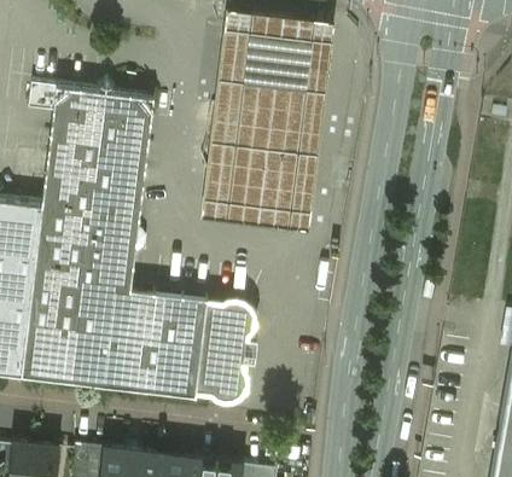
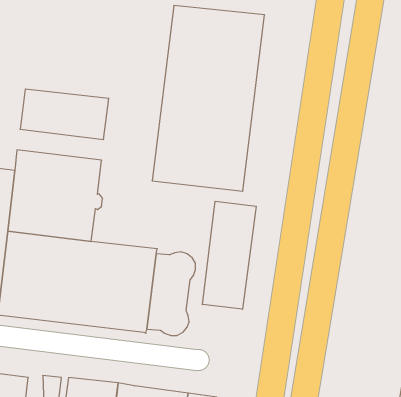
building: [53,82,153,122] -> none
building: [43,158,145,194] -> none
building: none -> [202,201,256,309]

